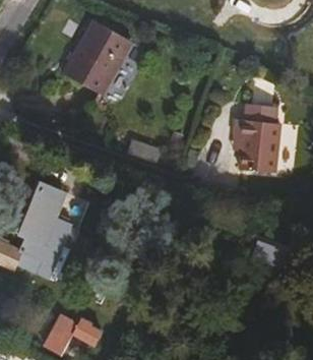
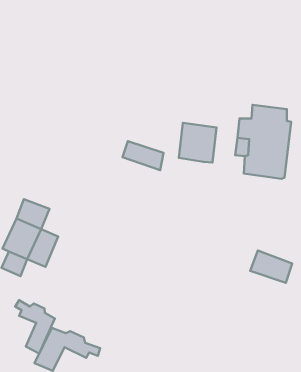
building: [67,20,134,94] -> none
building: none -> [179,123,217,163]
building: none -> [15,300,55,354]

